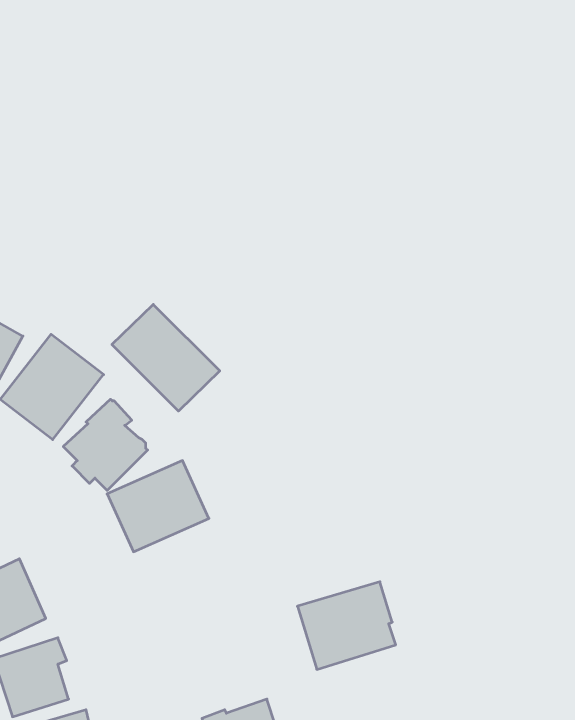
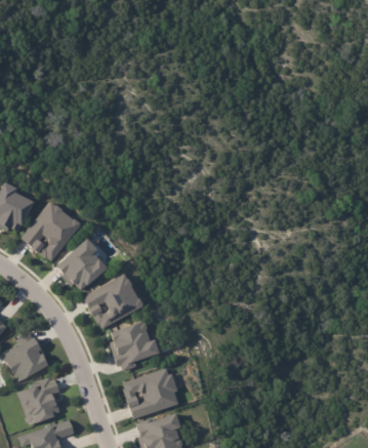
building: [112,304,220,411] -> none
building: none -> [112,323,160,371]
building: [297,582,396,669] -> [121,368,178,419]

